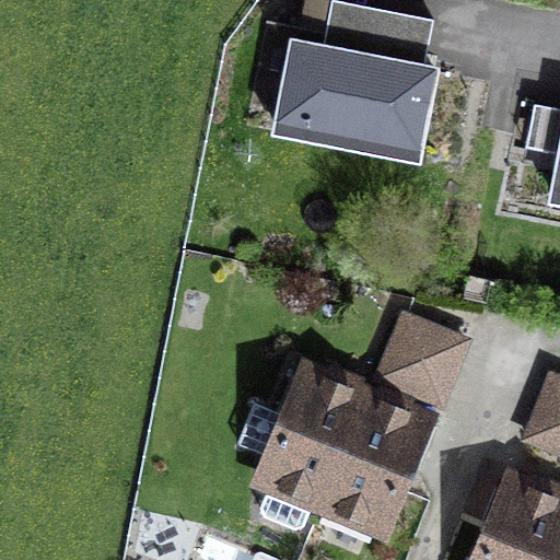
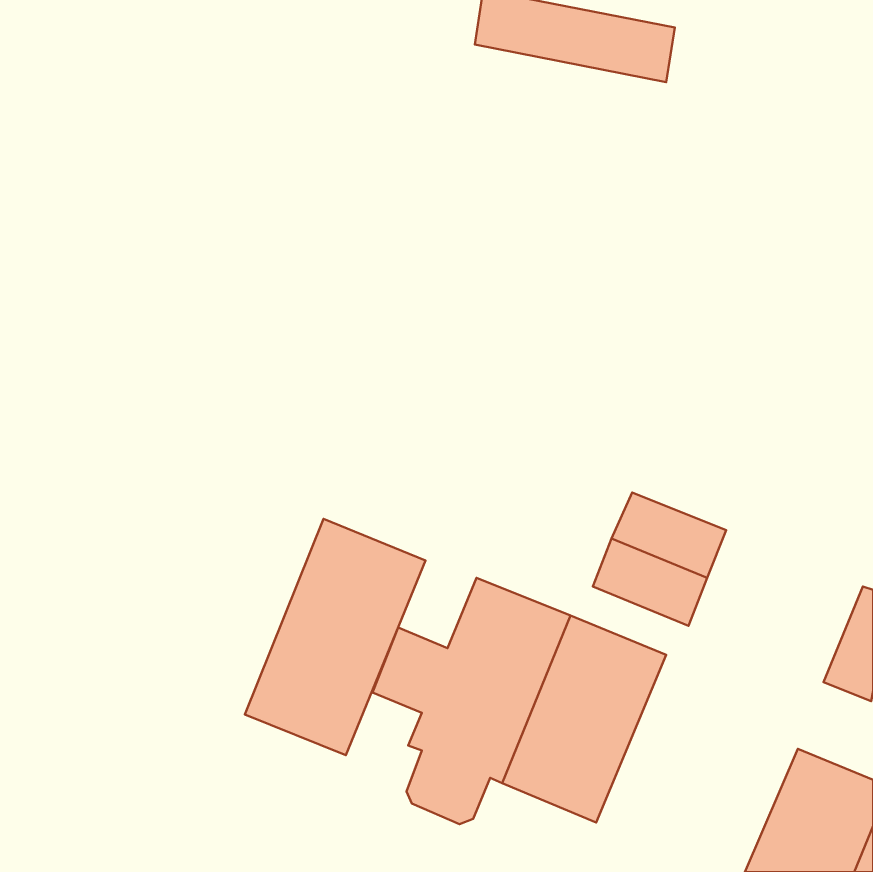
building: [276,40,434,145] -> none
building: none -> [245,519,426,755]

